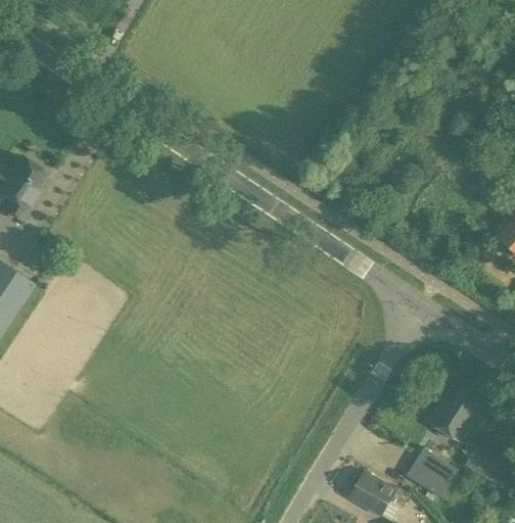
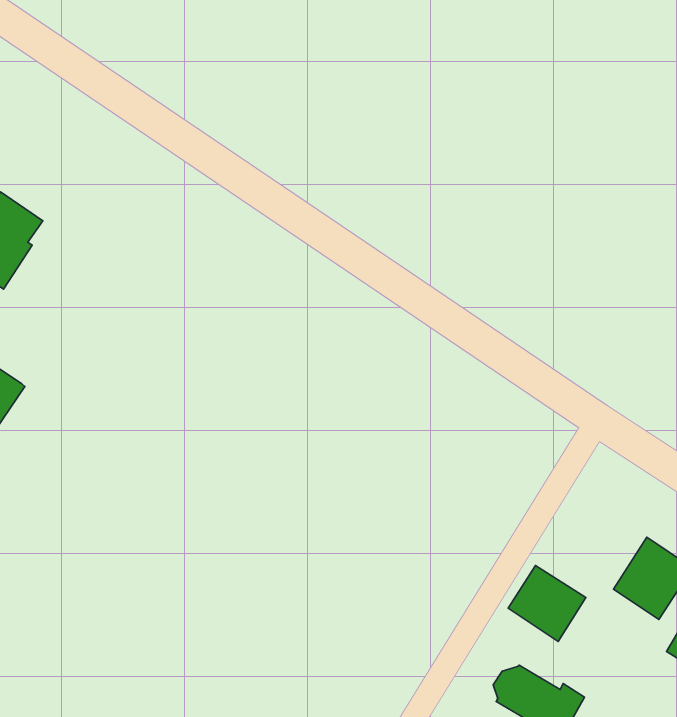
building: [405,447,457,498] -> [508,565,586,642]

